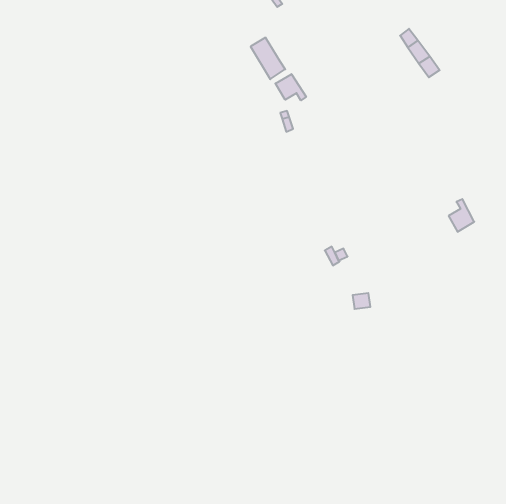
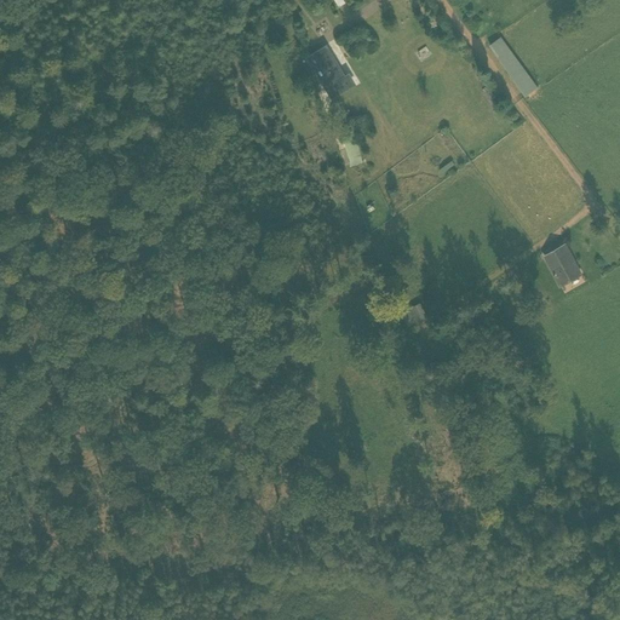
building: [275,74,306,100] -> none

